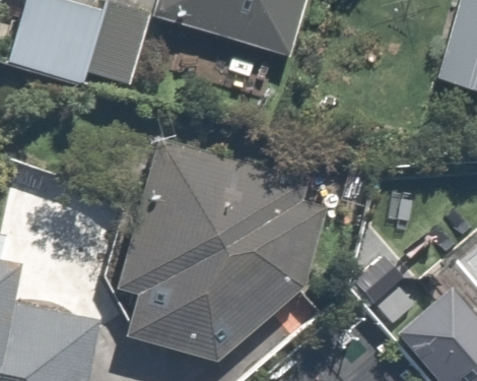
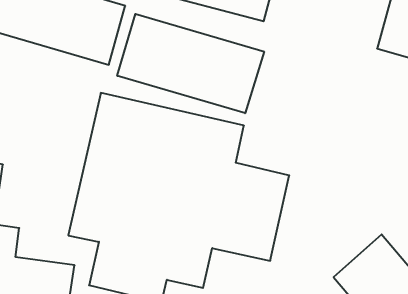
building: none -> [117,14,264,113]

